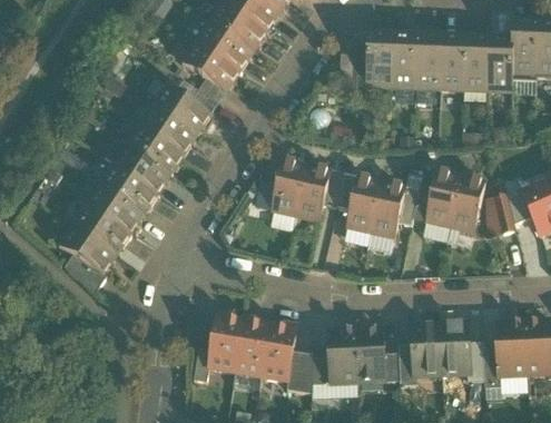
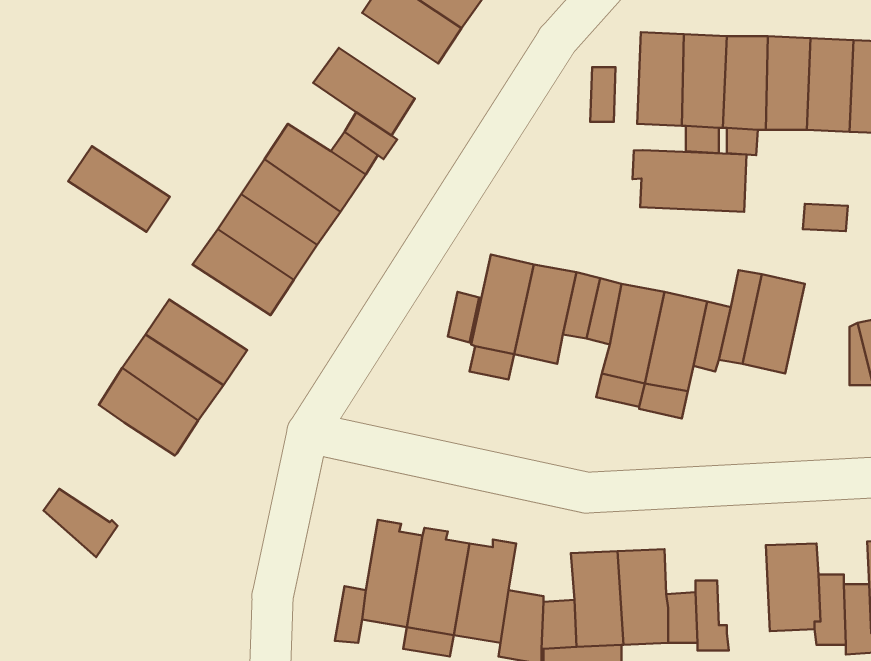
building: [195,21,252,70] -> none
building: none -> [633,150,747,212]
building: [98,165,156,214] -> [68,146,170,232]
building: [450,176,485,233] -> none
building: [63,255,106,294] -> [43,489,118,557]
building: [411,325,441,375] -> none

